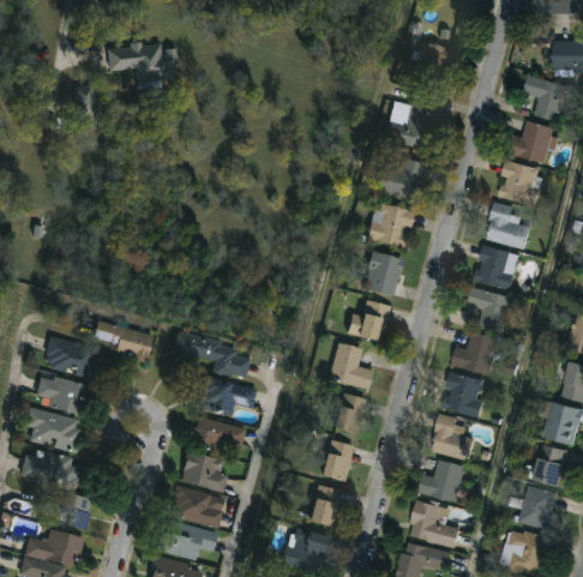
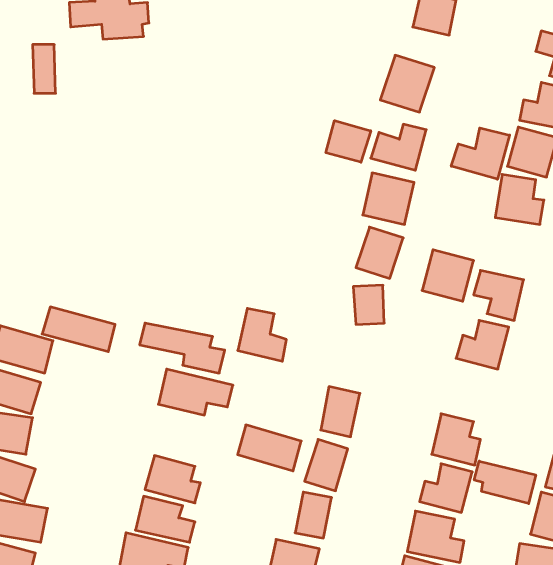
building: none -> [326,121,371,162]
building: none -> [451,128,510,179]
building: [475,245,521,290] -> [422,250,474,301]
building: [331,342,374,389] -> [238,308,286,361]
building: [443,372,486,417] -> none
building: [187,416,244,457] -> [238,425,301,471]
building: none -> [474,461,536,504]

